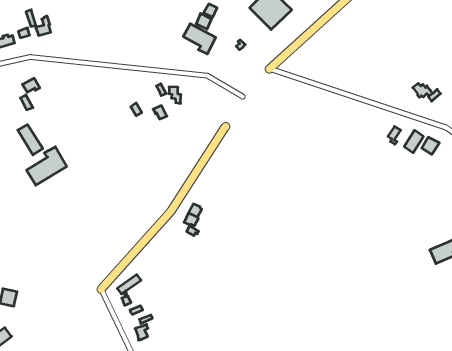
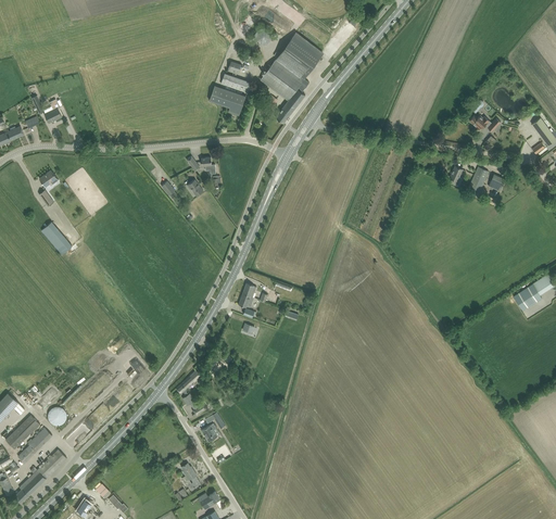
building: none -> [261,58,309,123]
building: [27,147,67,185] -> none

